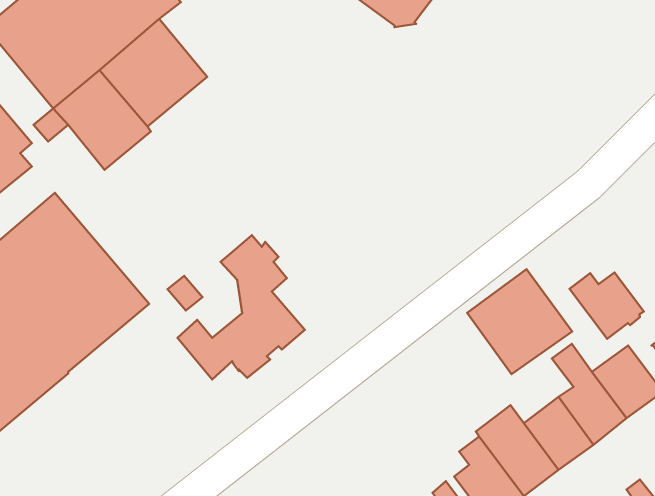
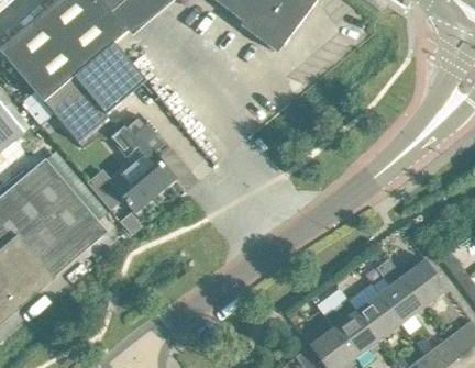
building: [177,235,305,379] -> [89,115,174,211]
building: [467,269,572,374] -> none
building: [569,273,644,339] -> none

